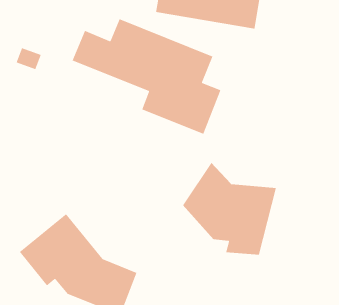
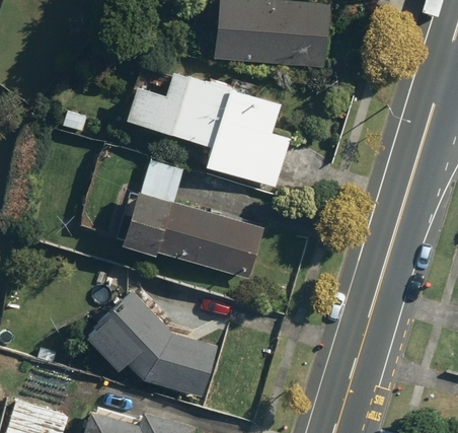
building: none -> [118,161,265,281]
building: [182,162,277,256] -> none

